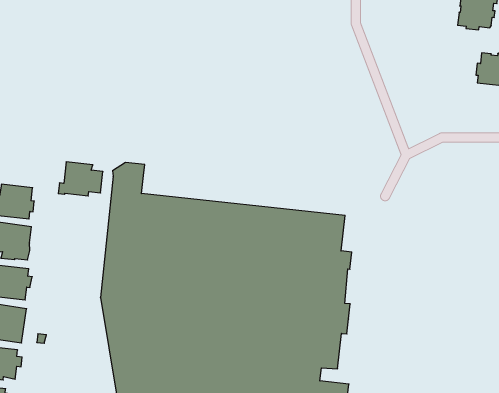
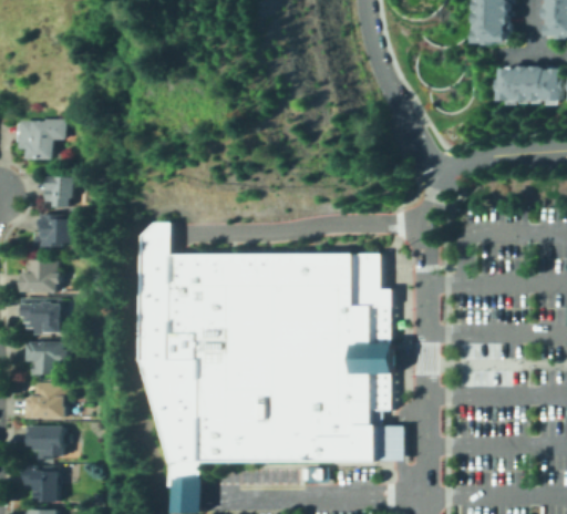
building: none -> [18,120,66,160]
building: none -> [48,176,76,207]
building: [58,162,103,196] -> [34,214,78,247]

